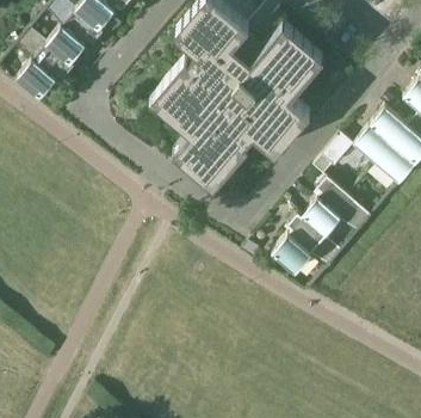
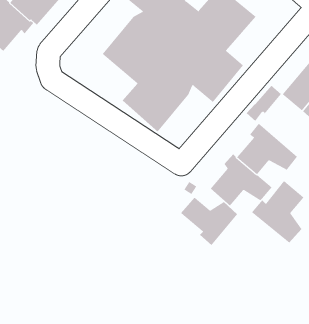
building: none -> [251,181,304,243]
building: none -> [180,197,238,246]

